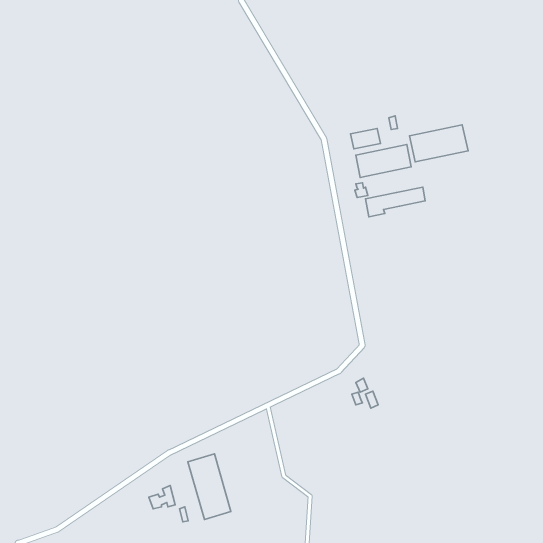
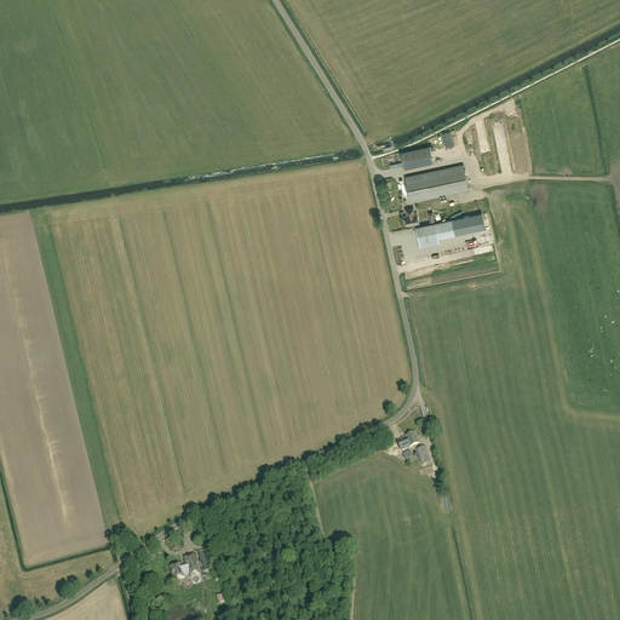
building: [409,125,468,162] -> none
building: [188,454,231,520] -> none

